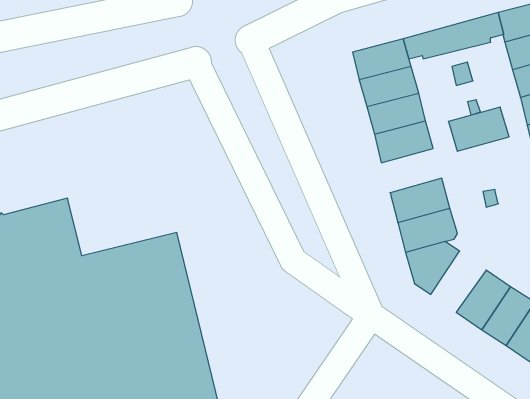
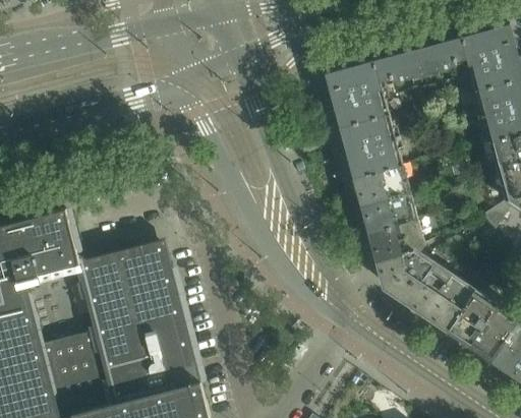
building: [448,107,509,151] -> [353,165,409,205]
building: none -> [399,259,450,315]

